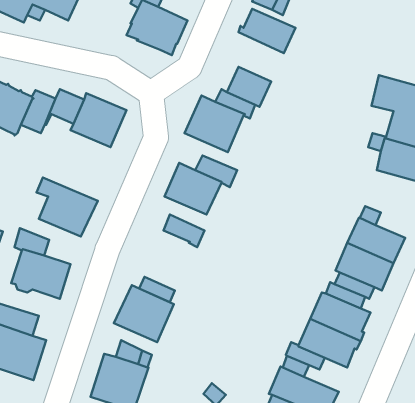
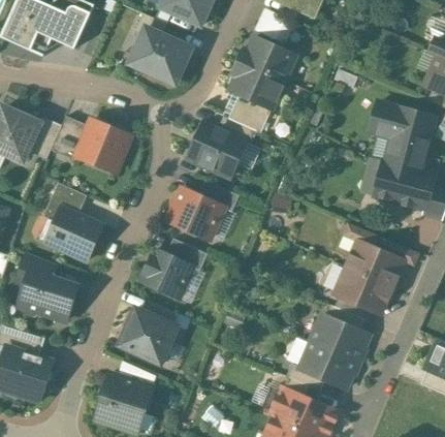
building: none -> [229,61,284,110]
building: none -> [49,184,87,216]
building: none -> [140,250,192,299]

